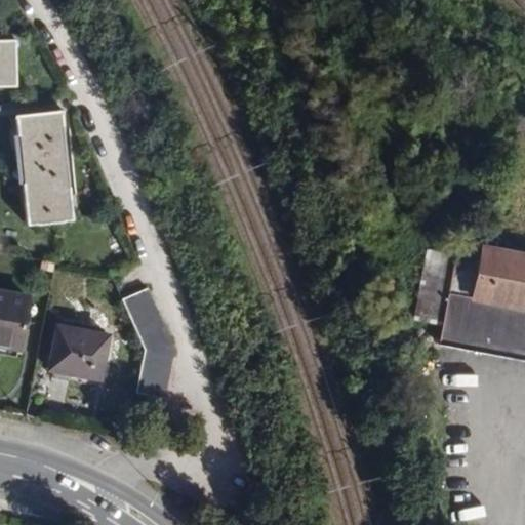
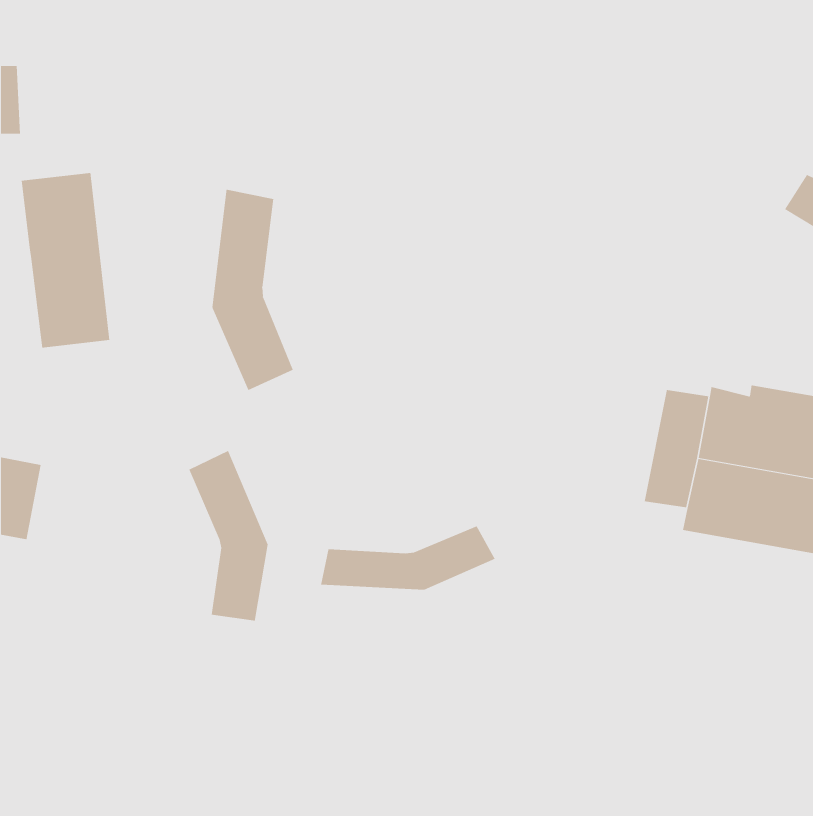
building: none -> [212,189,293,391]
building: [50,326,108,379] -> none
building: none -> [321,526,496,591]

